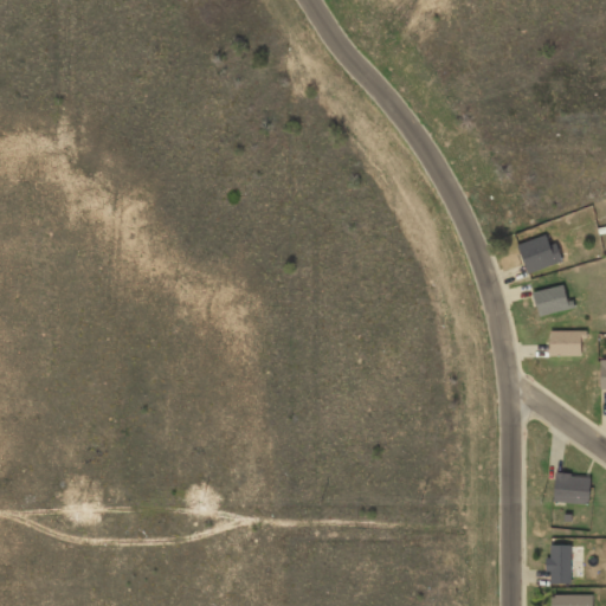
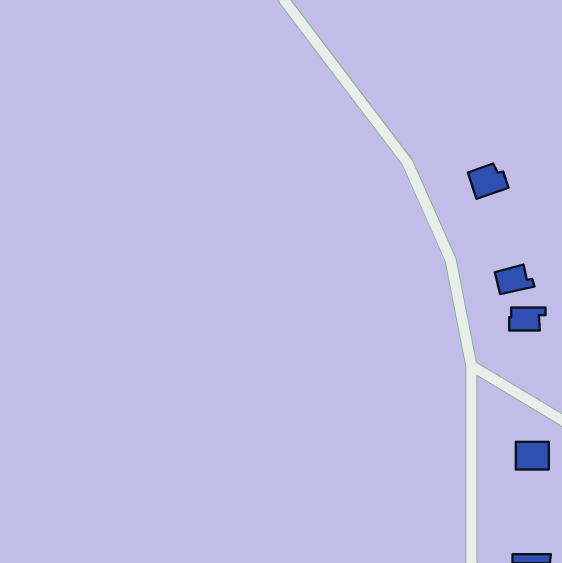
building: [518,234,562,272] -> [468,164,509,199]
building: [548,546,572,585] -> none

